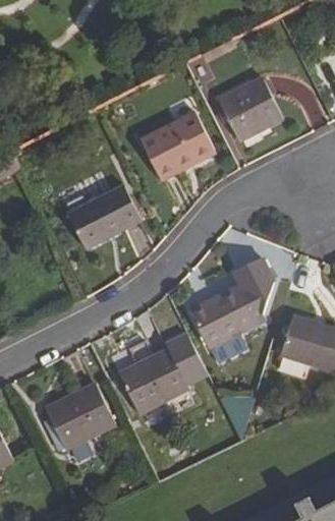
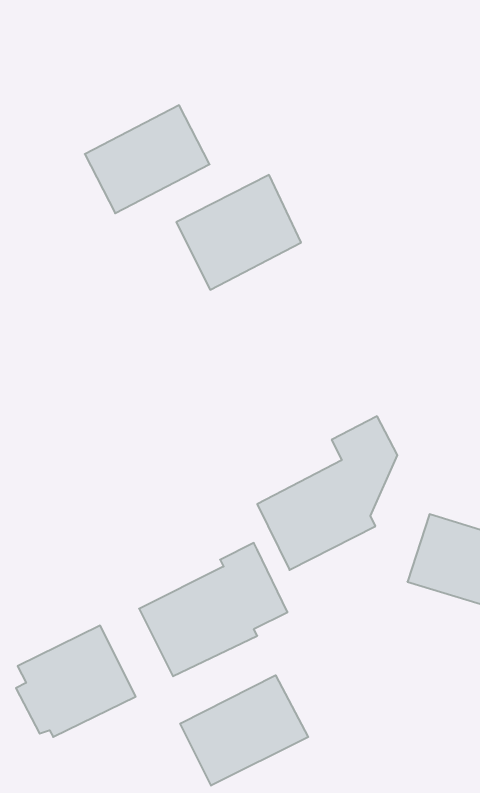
building: [218,76,282,140] -> none
building: [66,184,142,249] -> [85,105,210,213]
building: none -> [180,675,308,786]

